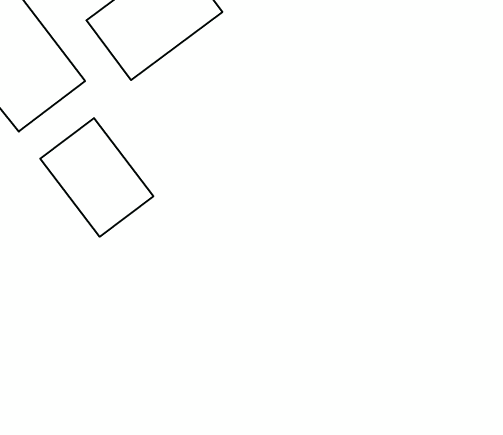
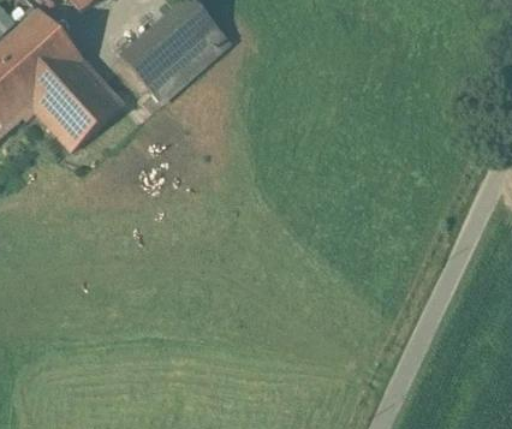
building: [40,118,153,237] -> none

